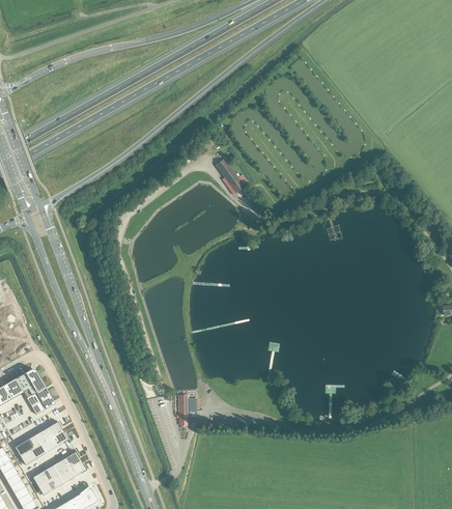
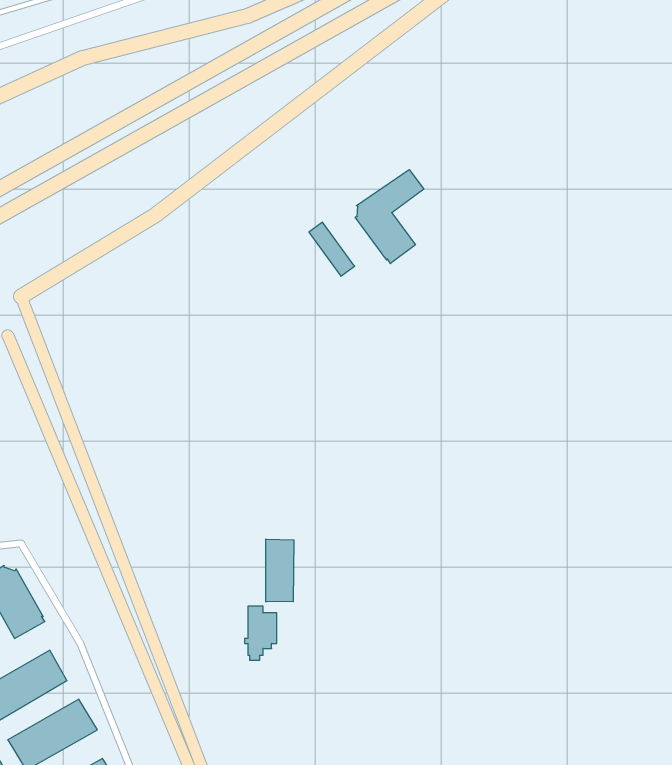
building: none -> [355,170,424,264]
building: none -> [266,539,294,602]

